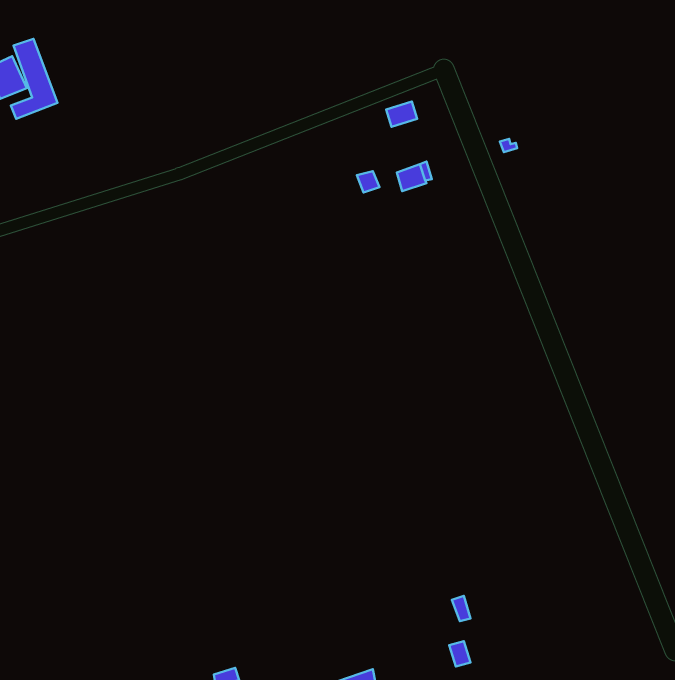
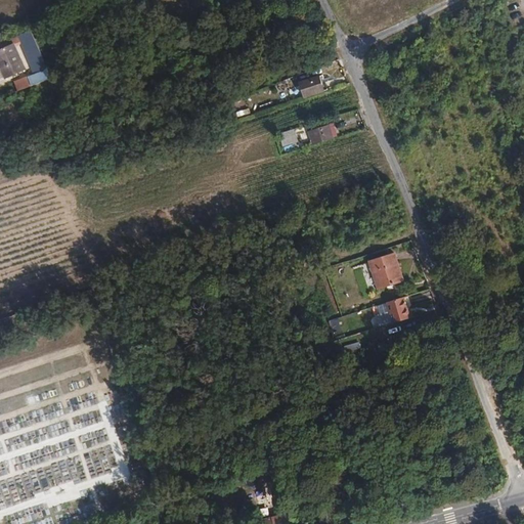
building: none -> [372,252,404,286]
building: none -> [385,300,409,325]

